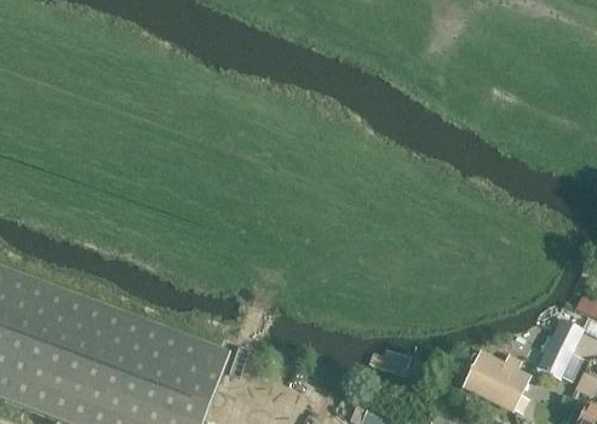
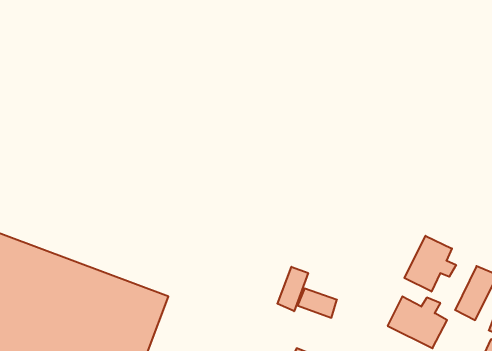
building: none -> [404,236,456,292]
building: none -> [277,267,308,311]

